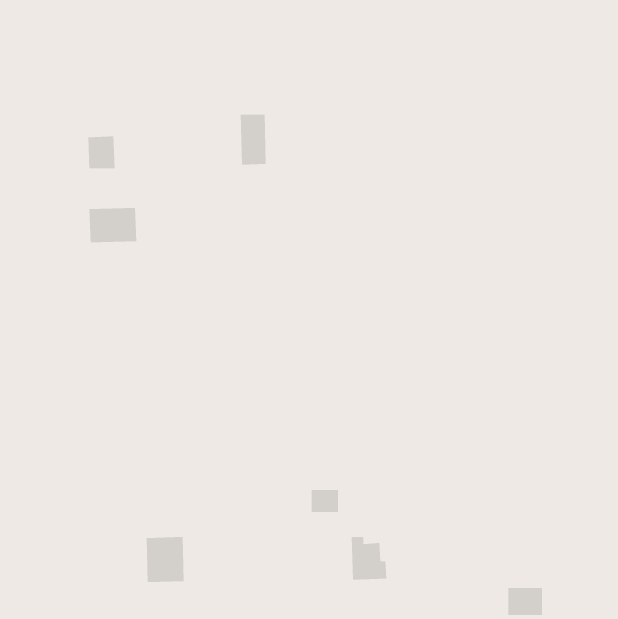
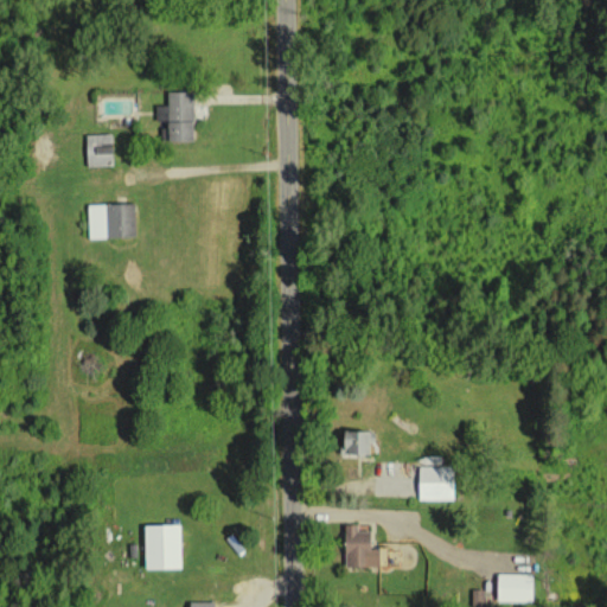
building: [240,114,267,165] -> [168,92,194,142]
building: none -> [420,466,452,500]
building: [311,489,339,513] -> [341,433,369,455]

